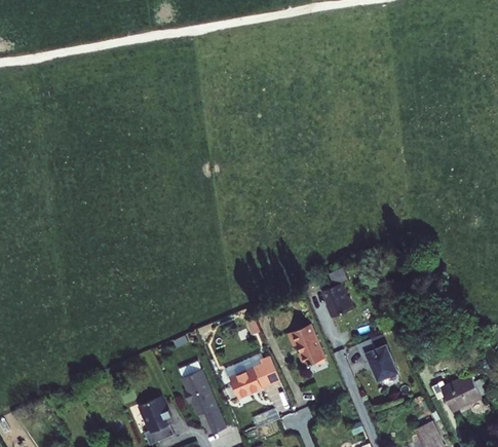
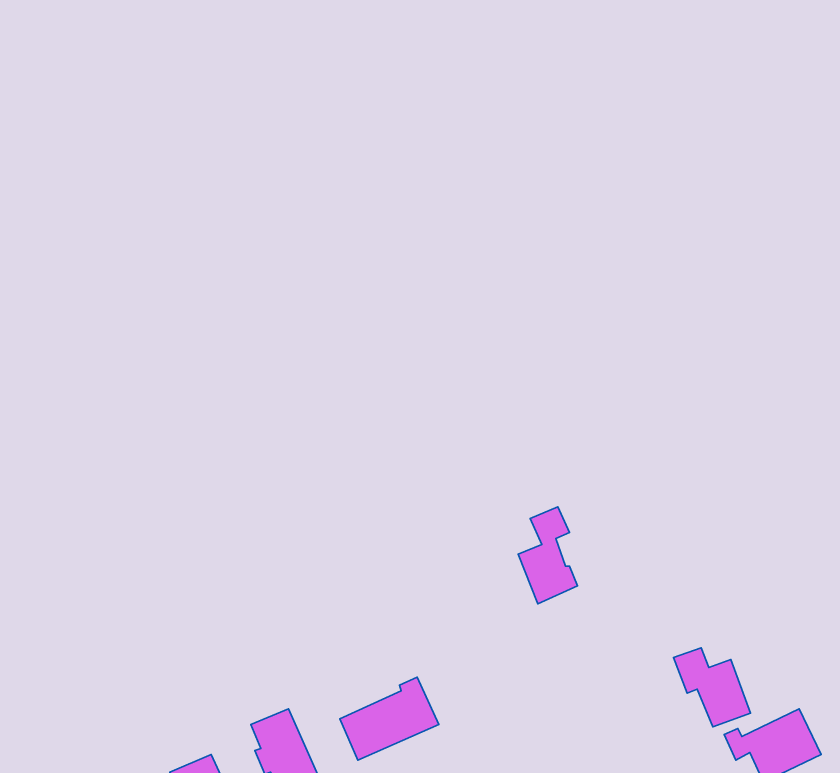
building: [285,322,323,366] -> none
building: [356,338,396,379] -> [673,648,751,727]

